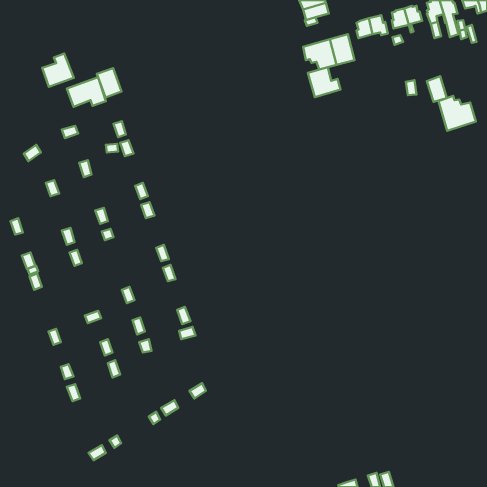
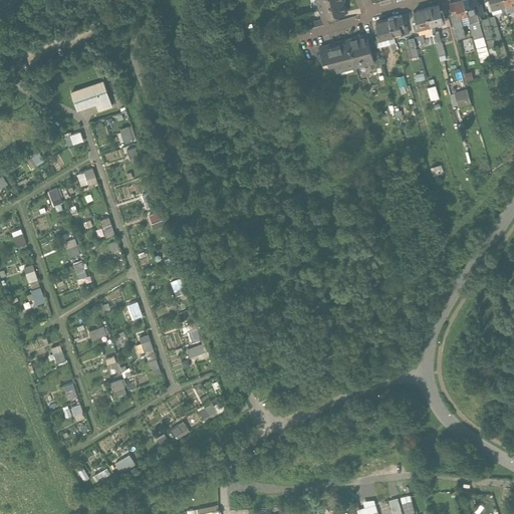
building: [42,54,74,87] -> none
building: [308,67,340,97] -> none
building: [97,68,122,97] -> none
building: [439,96,476,131] -> none

